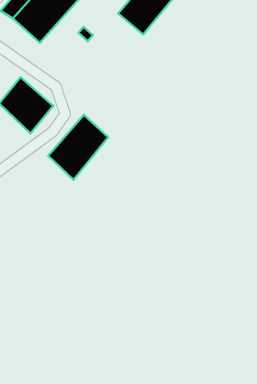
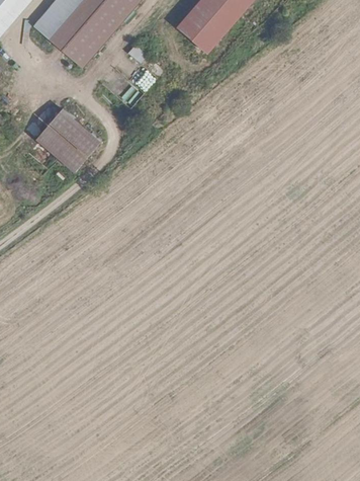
building: [48,115,108,180] -> none

